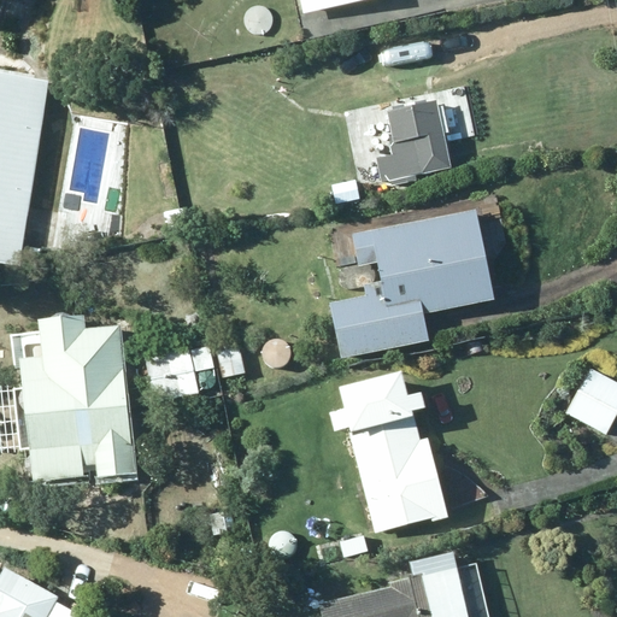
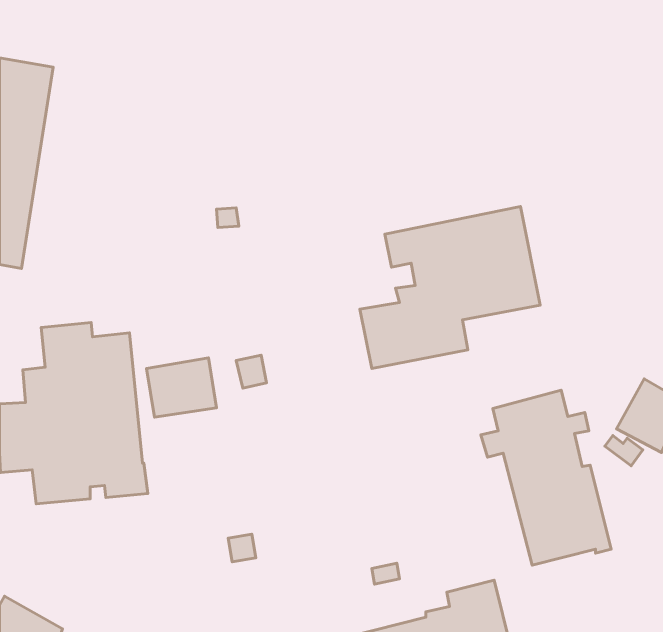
building: [377,100,452,182] -> none
building: [328,371,447,531] -> [481,390,611,565]

